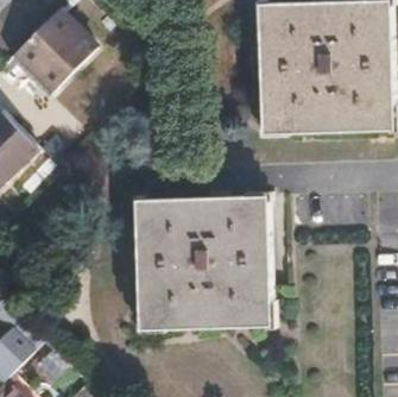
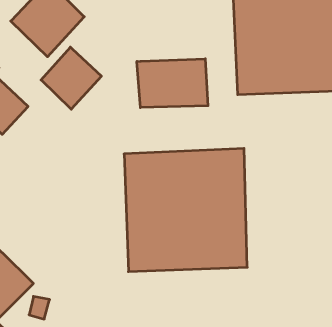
building: none -> [41,47,101,109]
building: none -> [137,59,208,108]

